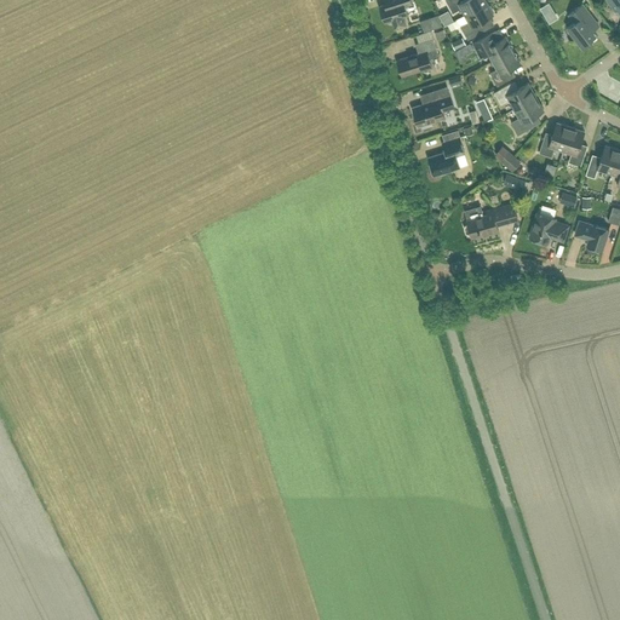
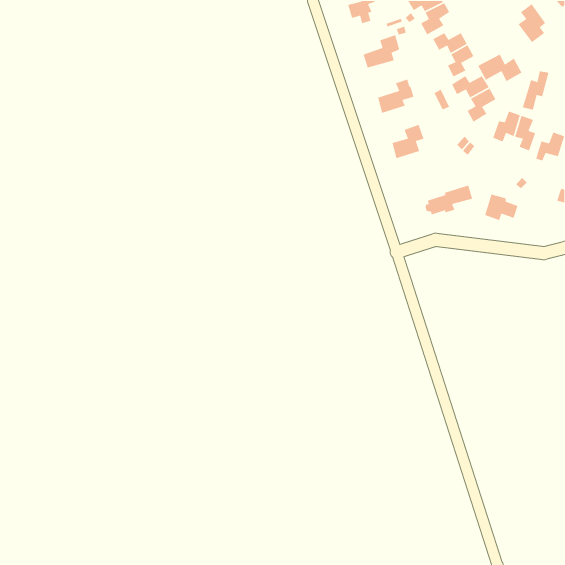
building: none -> [477,53,522,82]
building: none -> [522,71,549,111]
building: [575,220,609,249] -> none

